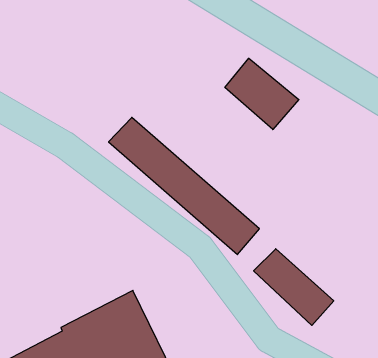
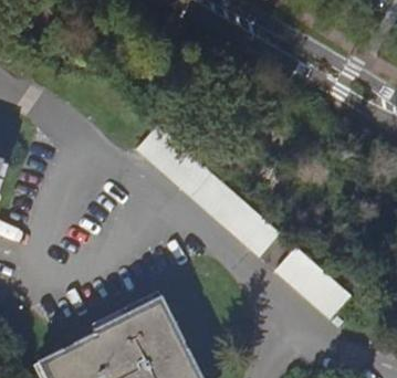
building: [225,58,299,130] -> none

